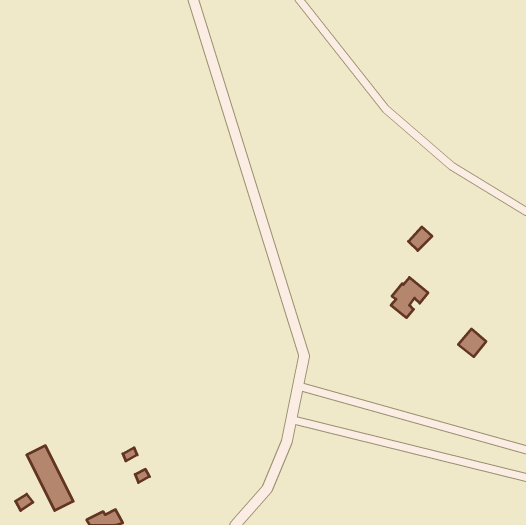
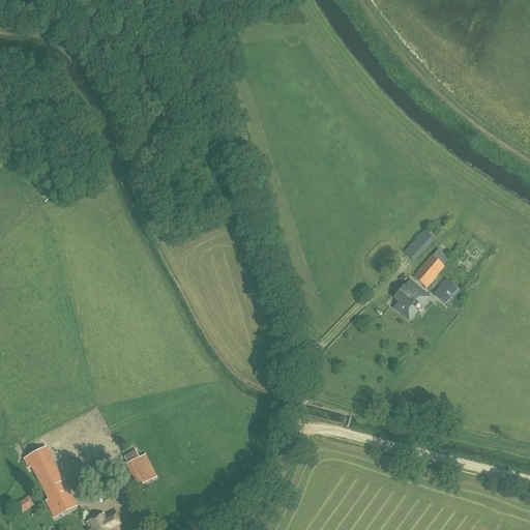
building: none -> [412,254,444,286]
building: [458,329,486,357] -> [432,276,460,304]

